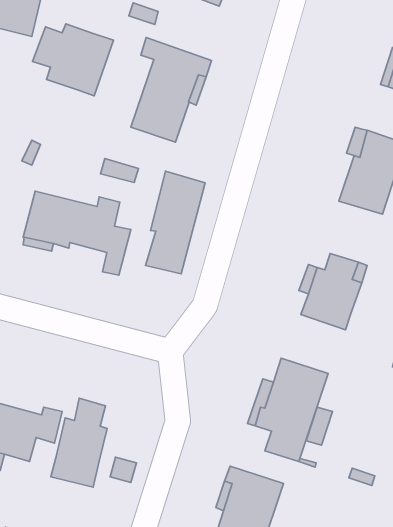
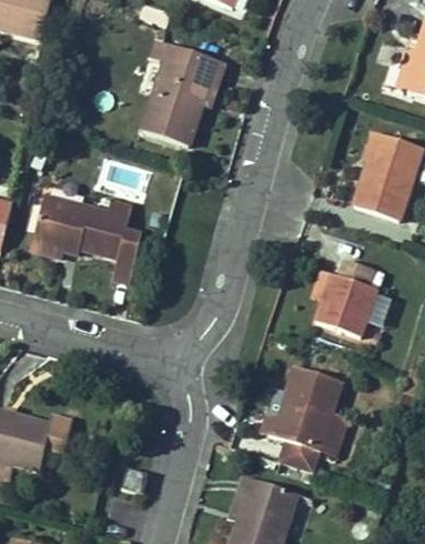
building: [33,24,114,96] -> none
building: [146,171,205,274] -> none
building: [51,398,107,487] -> none

